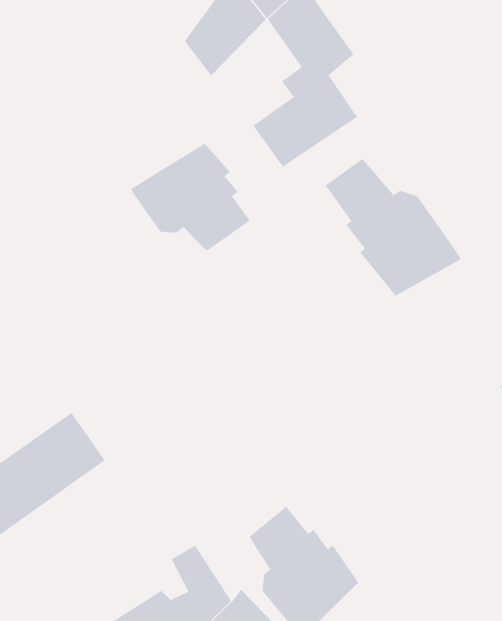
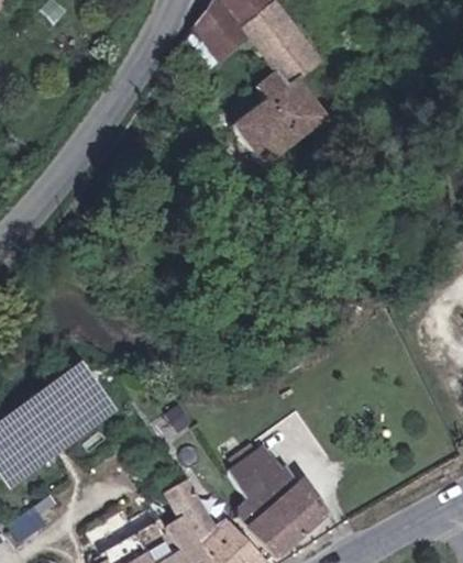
building: [130,143,251,252] -> none
building: [325,158,461,296] -> none

